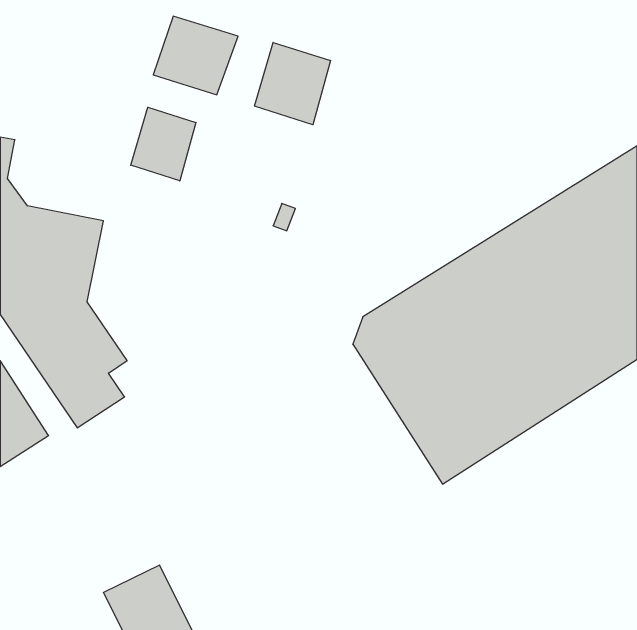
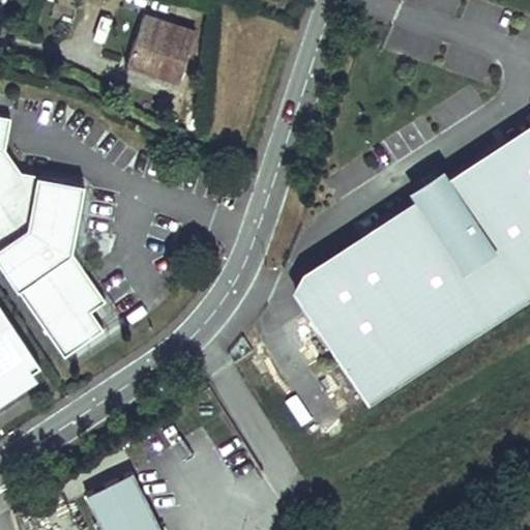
building: [255,42,331,125] -> none
building: [131,107,196,181] -> none

